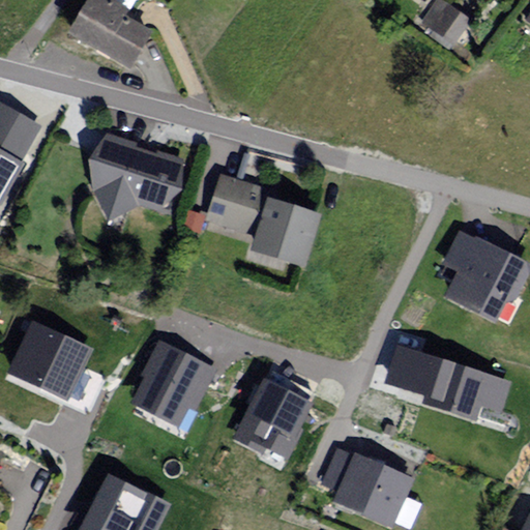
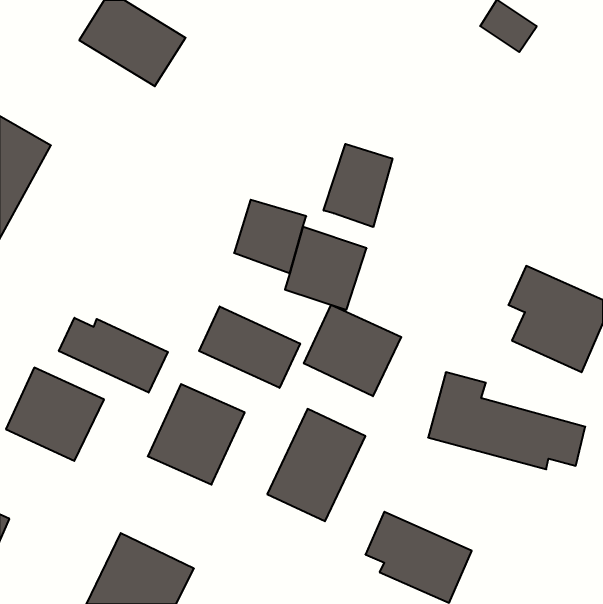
building: none -> [324,144,392,227]
building: [92,134,185,219] -> none
building: none -> [304,305,401,396]
building: none -> [199,306,300,388]
building: none -> [59,318,168,393]

